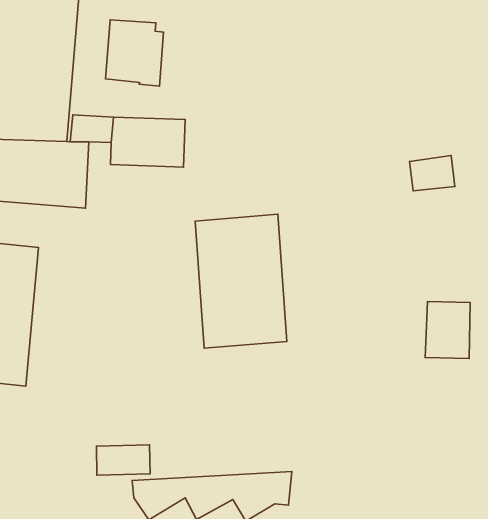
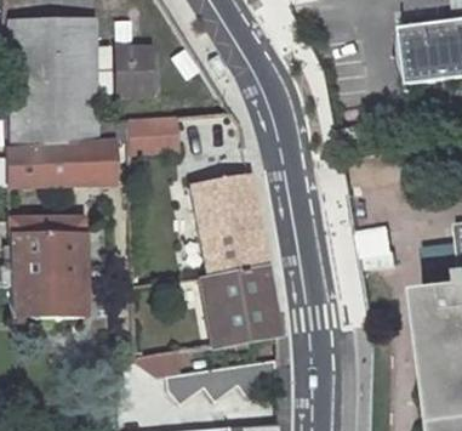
building: none -> [199,267,279,348]

